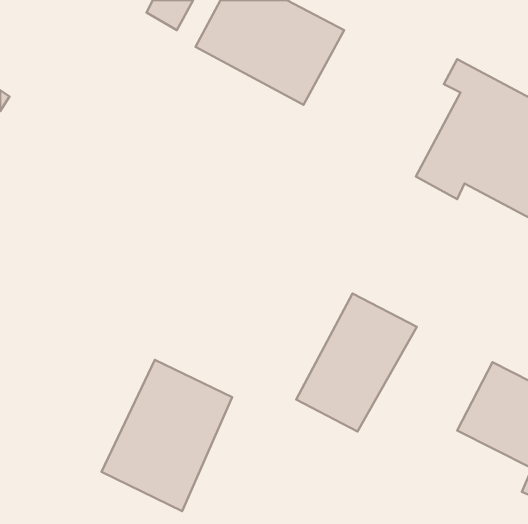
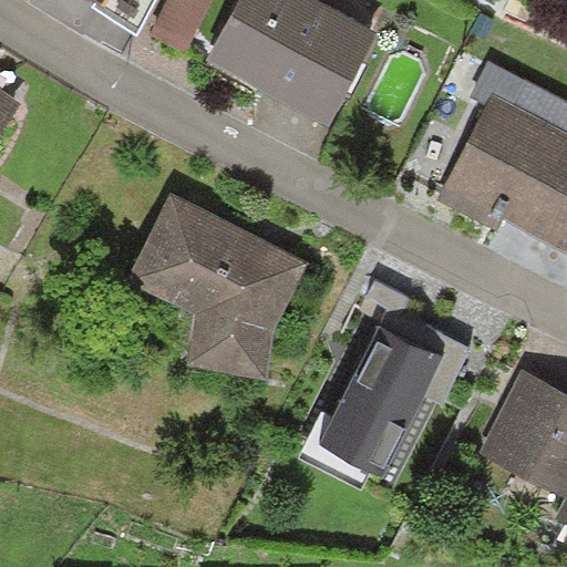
building: none -> [133,200,286,364]
building: [101,360,232,511] -> none

